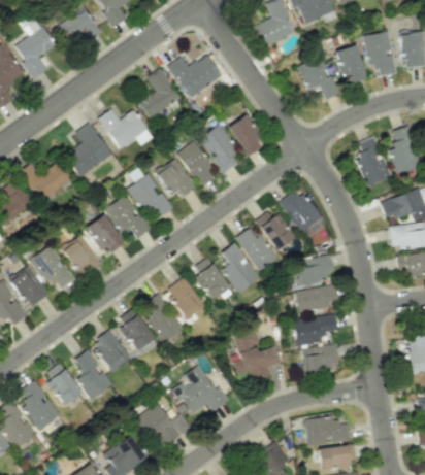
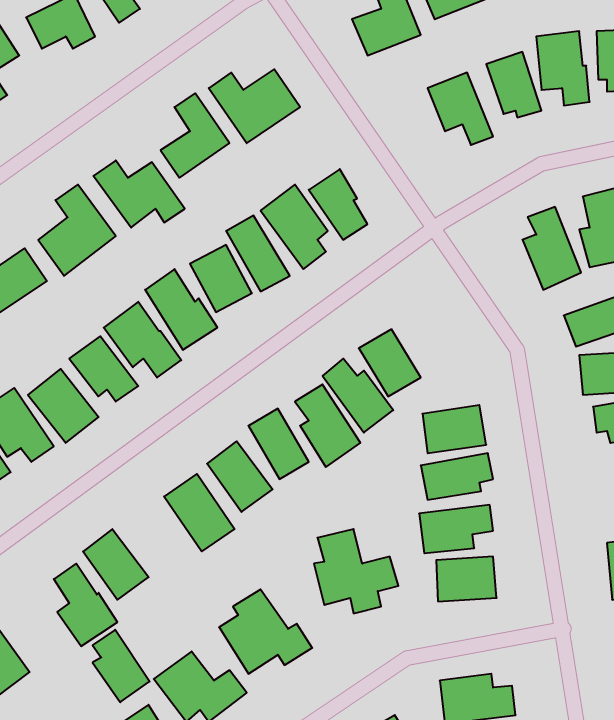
building: [280,189,326,239] -> none
building: [117,309,154,351] -> none
building: [47,363,81,406] -> [93,630,150,702]

